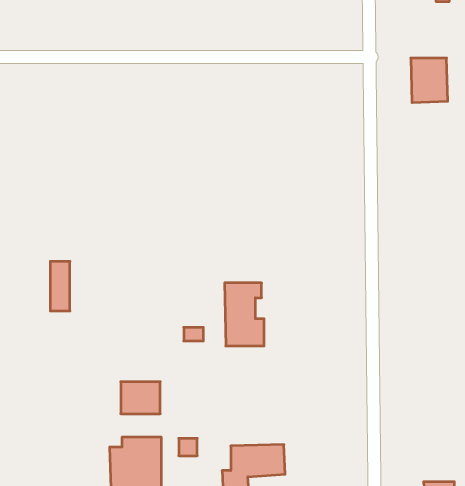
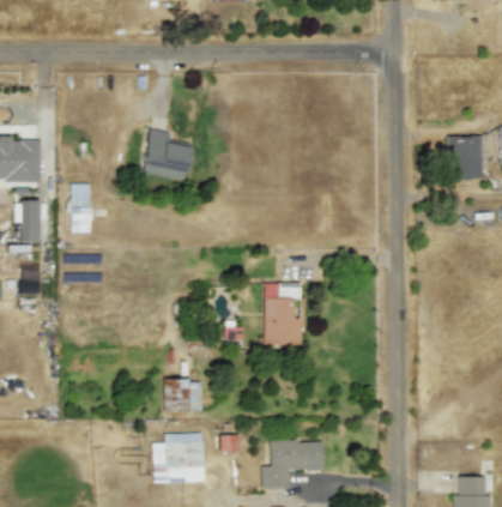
building: [411,58,448,103] -> [448,137,484,180]
building: none -> [141,129,193,181]
building: [50,261,70,311] -> [72,185,91,233]

